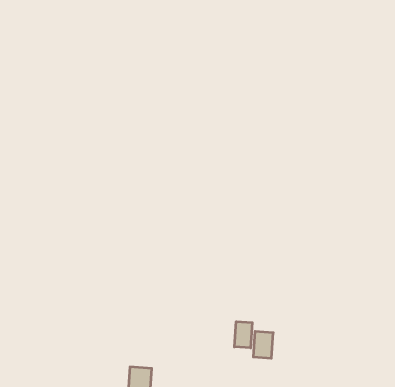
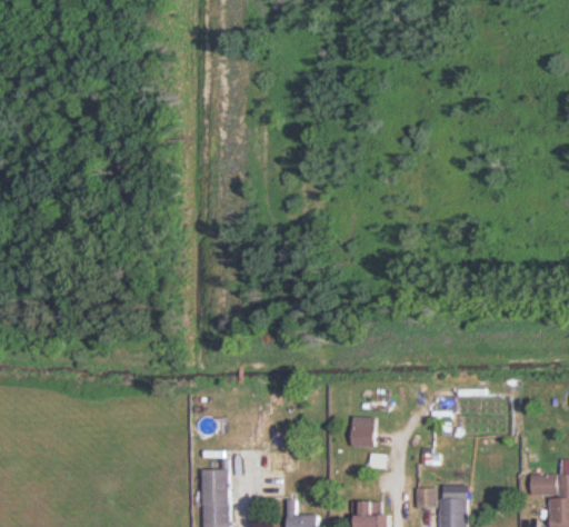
building: [234,322,252,348] -> none

